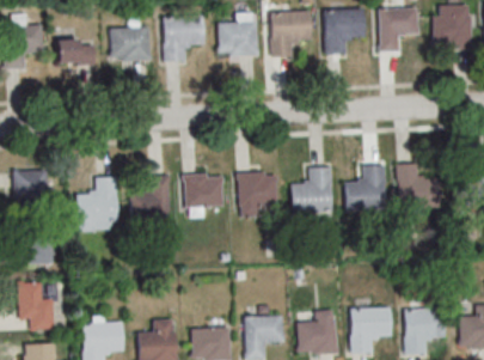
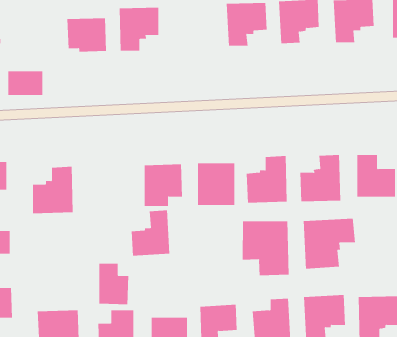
building: [216,20,256,55] -> none
building: [60,39,96,65] -> [8,71,43,96]
building: [129,173,169,220] -> [131,210,170,256]
building: none -> [303,218,356,270]
building: none -> [242,220,289,276]
building: none -> [99,263,129,305]

